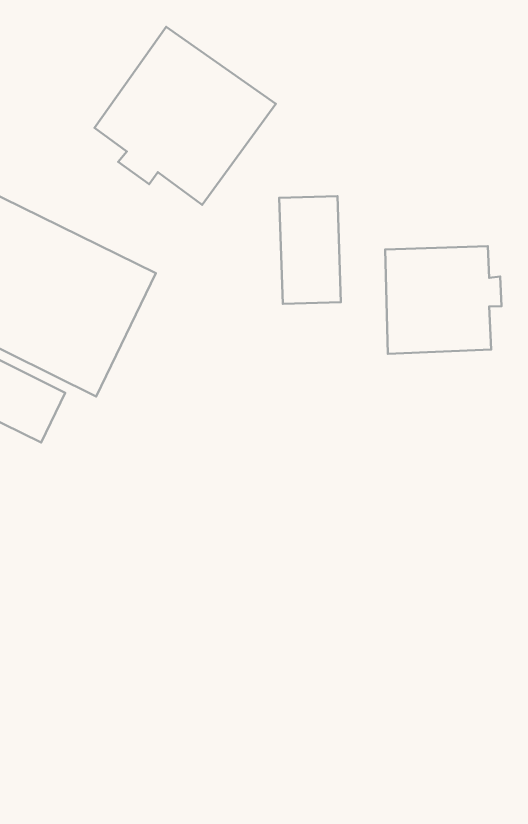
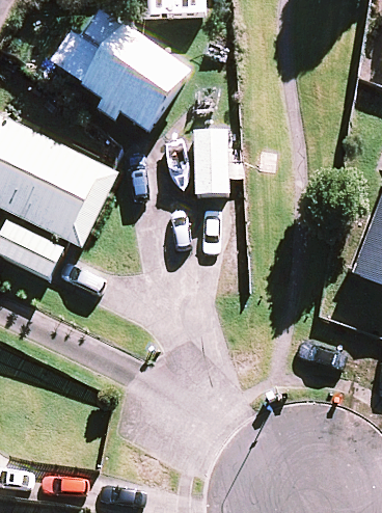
building: [385,246,501,354] -> none

